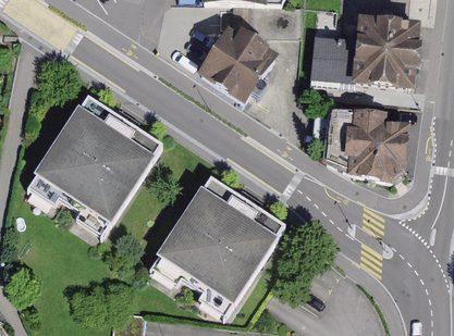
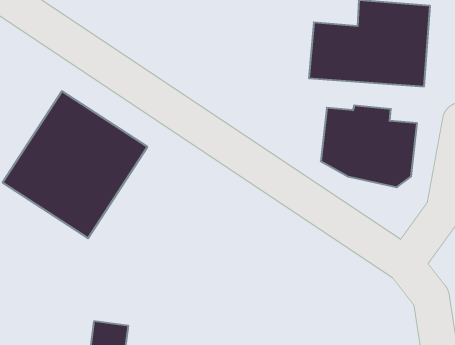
building: [195,22,277,103] -> none
building: [152,174,285,309] -> none

